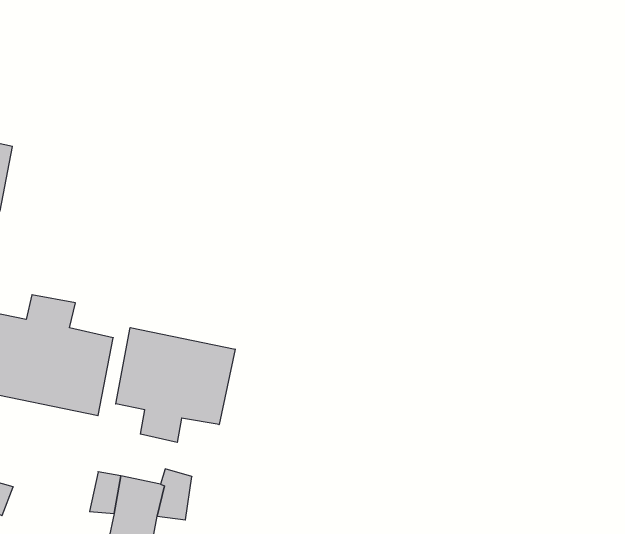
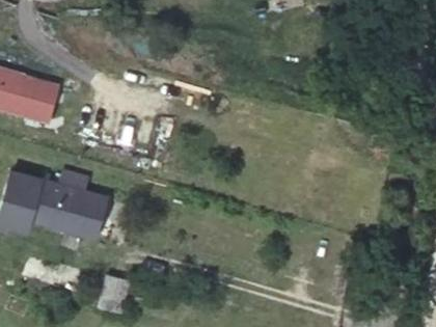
building: [116,328,235,442] -> none

